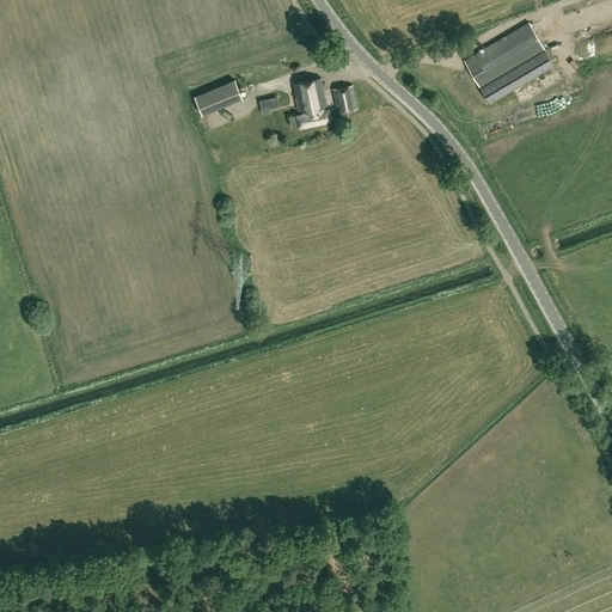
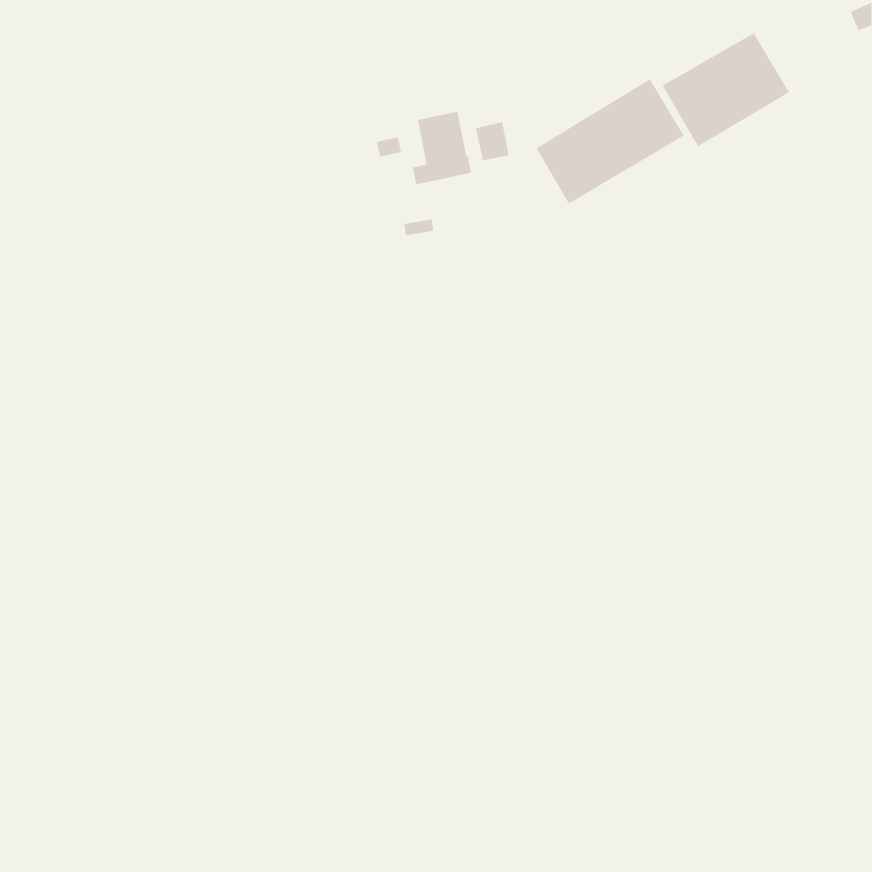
building: none -> [536,79,685,205]
building: [197,79,244,111] -> none

